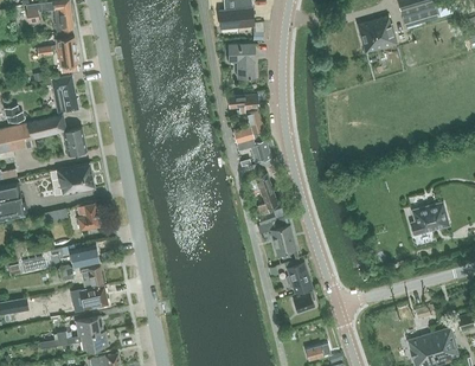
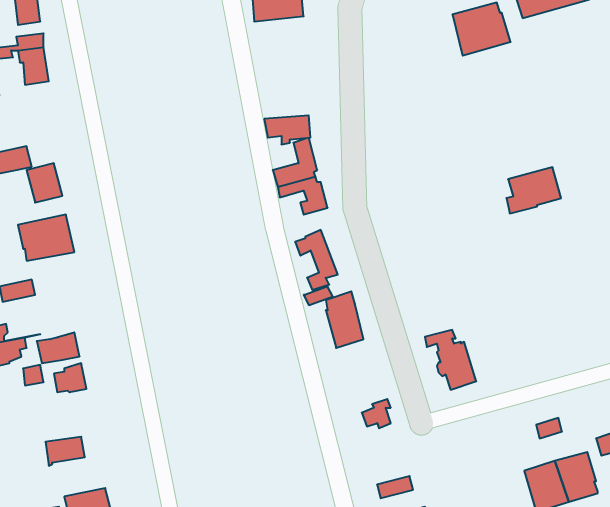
building: [229,43,255,77] -> none
building: [52,75,78,113] -> none
building: [76,201,101,230] -> none
building: [411,201,449,233] -> [506,167,561,213]
building: [277,252,313,294] -> [425,330,476,390]
building: [79,285,108,309] -> none
building: [58,329,110,349] -> none

